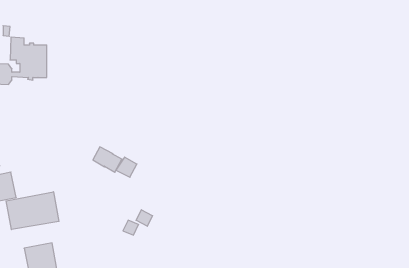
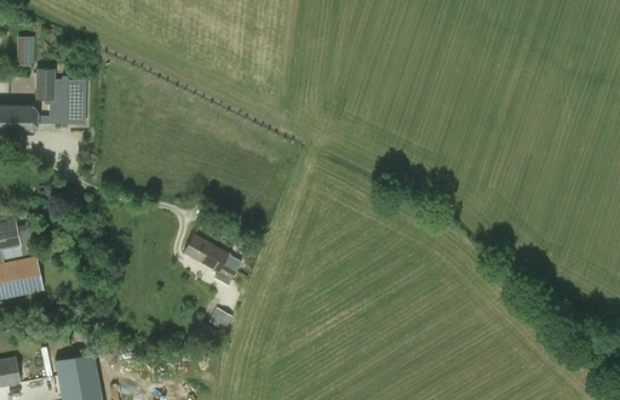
building: [93,147,122,172] -> [201,245,241,280]
building: [6,192,59,230] -> none

